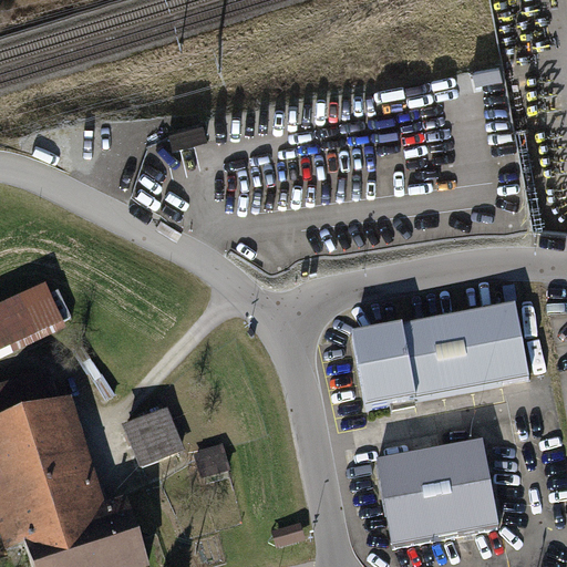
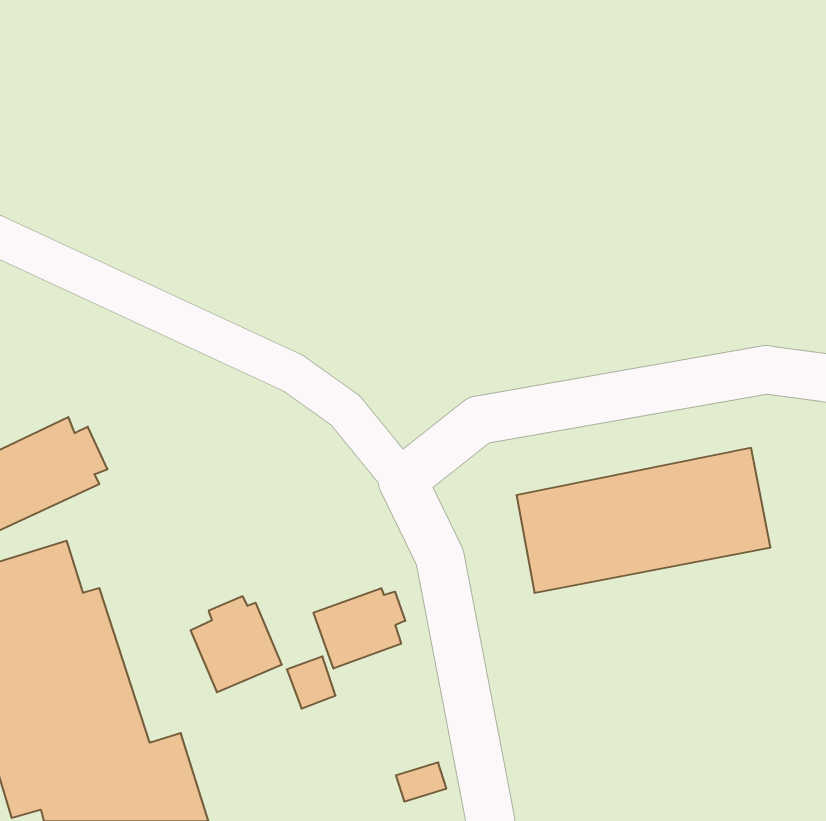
building: none -> [313,588,405,669]
building: [378,444,491,542] -> none

